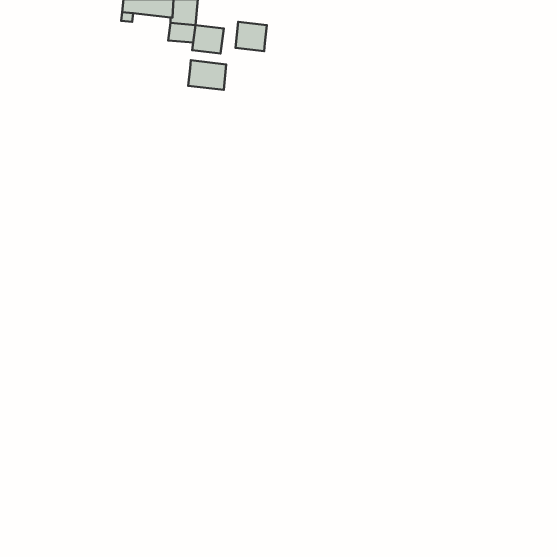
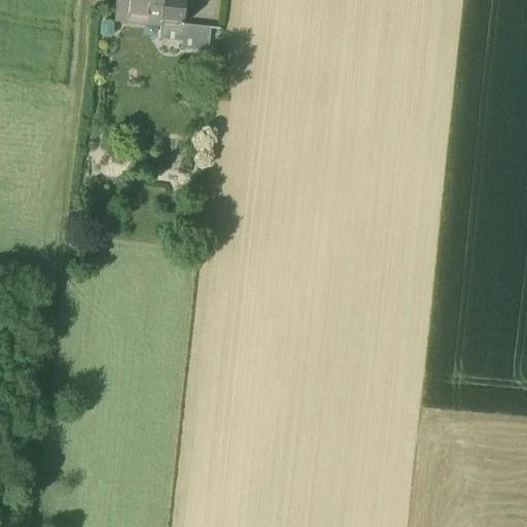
building: [235,22,267,51] -> none
building: [188,60,226,90] -> none

